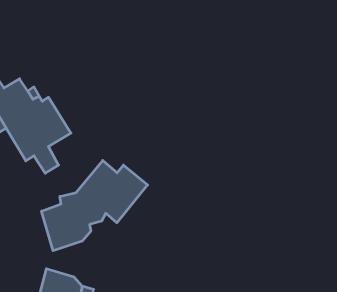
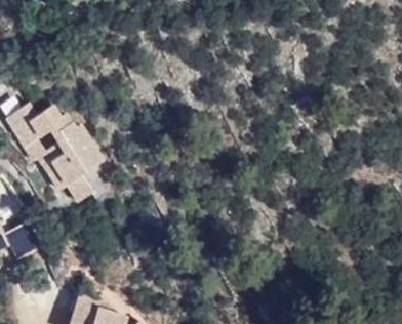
building: [42,160,148,251] -> none

